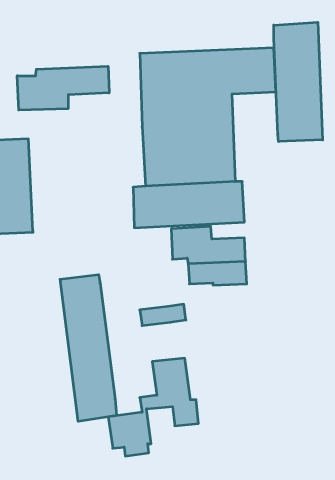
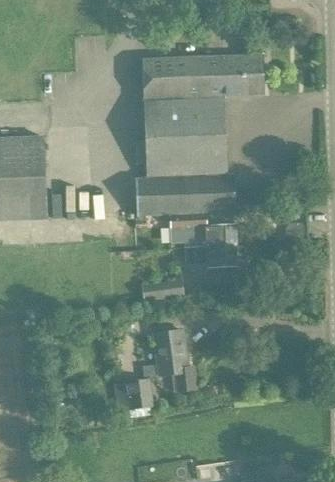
building: [274,22,323,142] -> none
building: [17,66,109,110] -> none
building: [60,275,117,421] -> none

